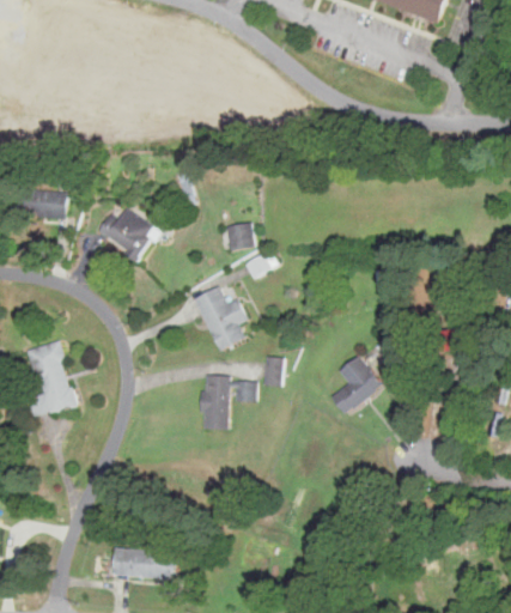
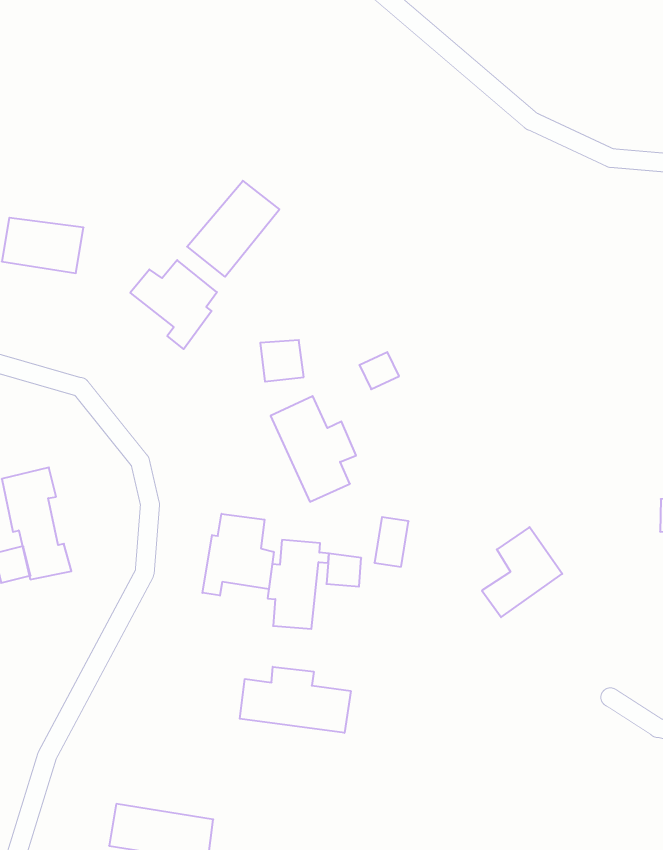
building: none -> [187,181,279,277]
building: [225,223,254,250] -> [260,340,304,382]
building: none -> [202,514,274,596]
building: none -> [240,667,351,733]

